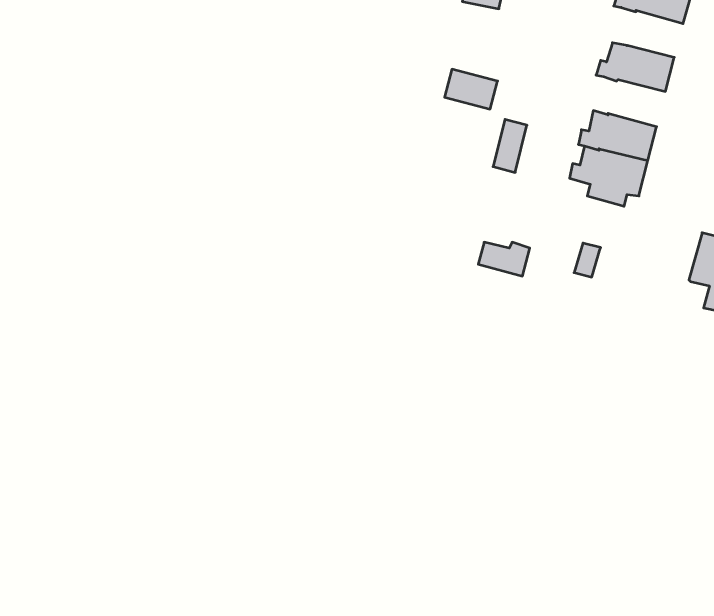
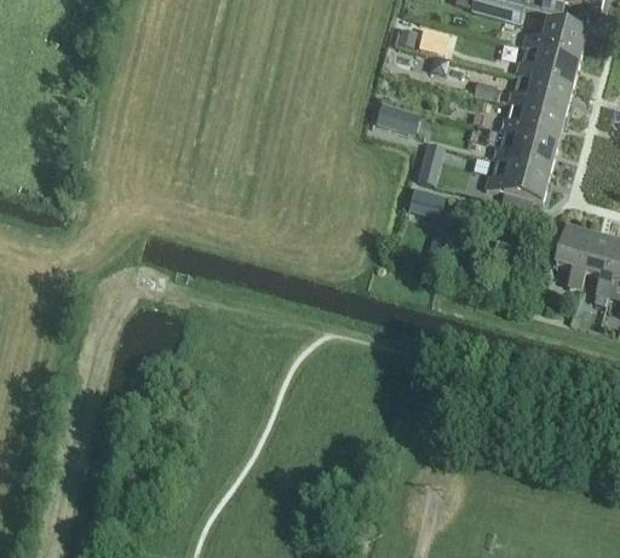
building: none -> [513,47,578,88]
building: none -> [499,104,563,145]
building: none -> [553,224,593,289]
building: [478,242,530,276] -> [407,191,449,219]

